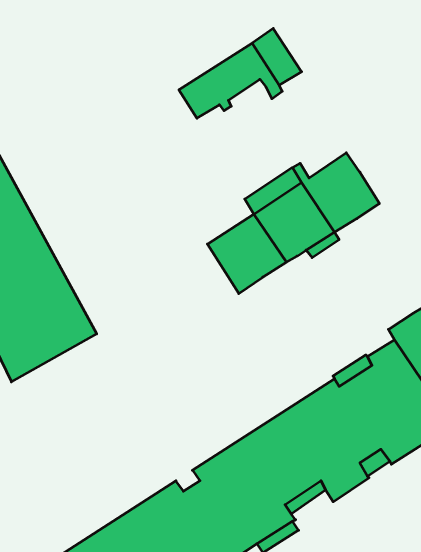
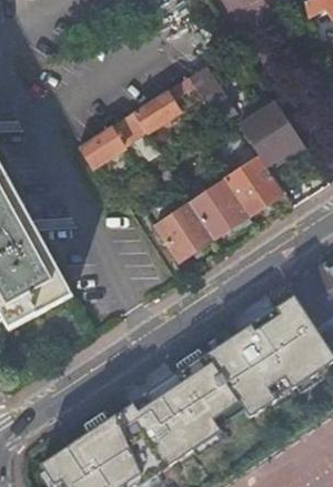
building: none -> [239,101,306,172]
building: none -> [80,111,167,169]

